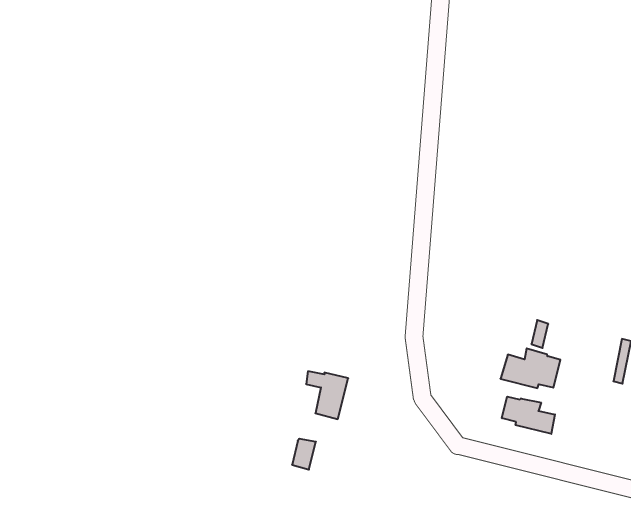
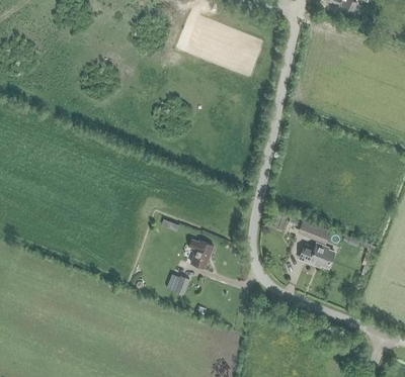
building: [502,397,555,434] -> none

